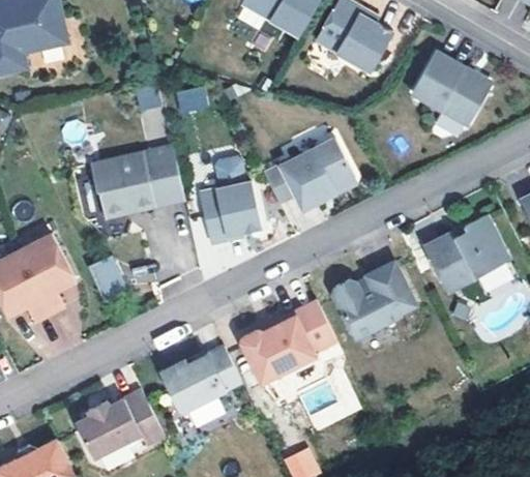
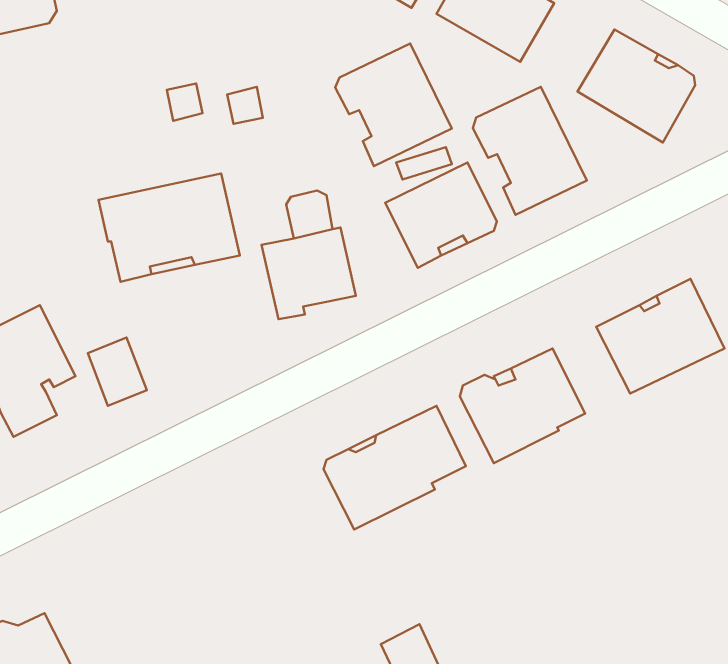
building: none -> [335,43,452,166]
building: none -> [473,87,587,215]
building: [160,348,241,412] -> none
building: [76,392,164,458] -> none

